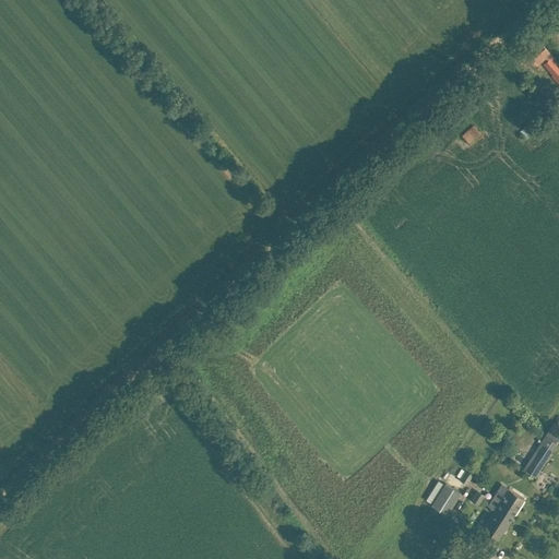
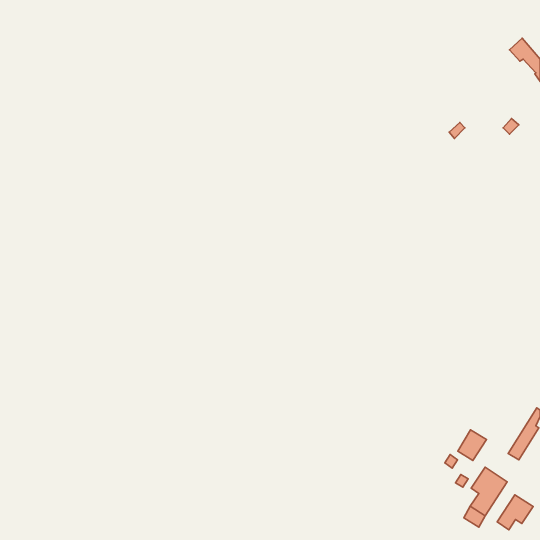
building: [431,483,461,514] -> [458,430,486,461]
building: none -> [497,495,533,530]

